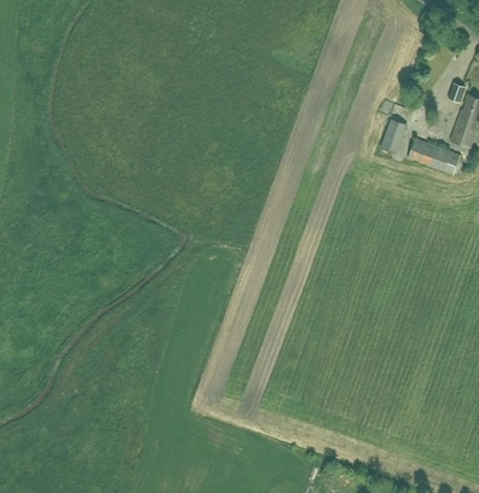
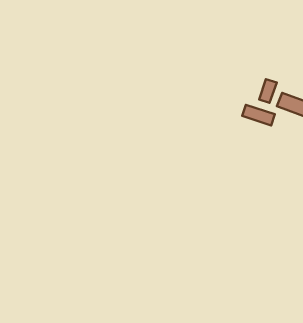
building: none -> [242,105,275,126]

